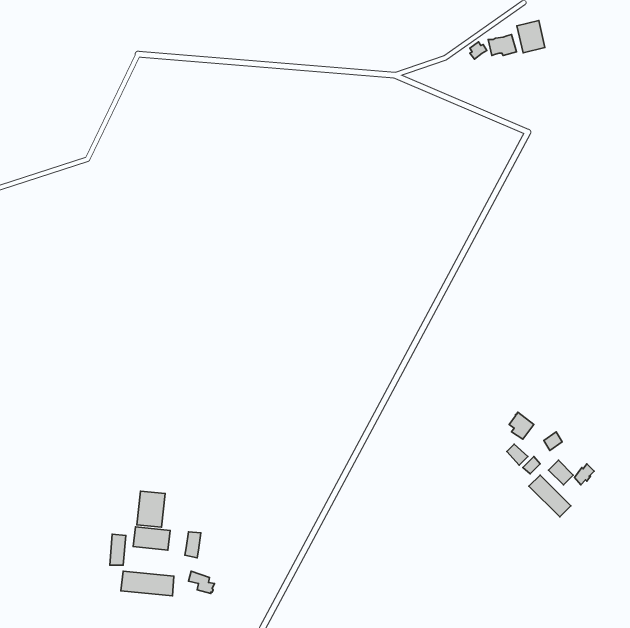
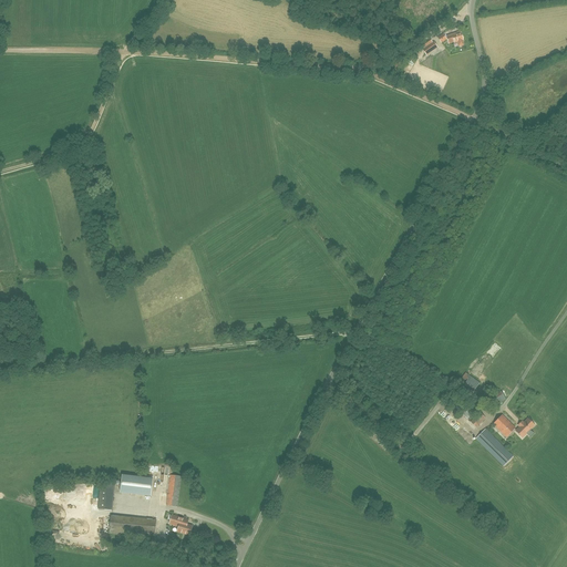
building: [517,21,545,53] -> none
building: [137,491,165,527] -> none

